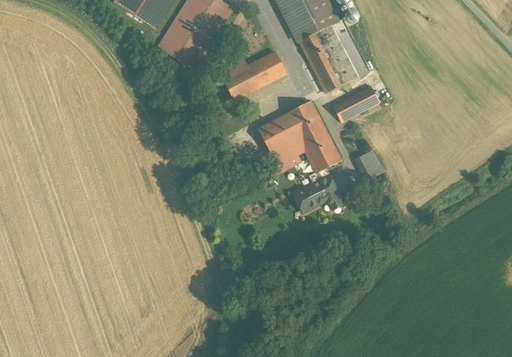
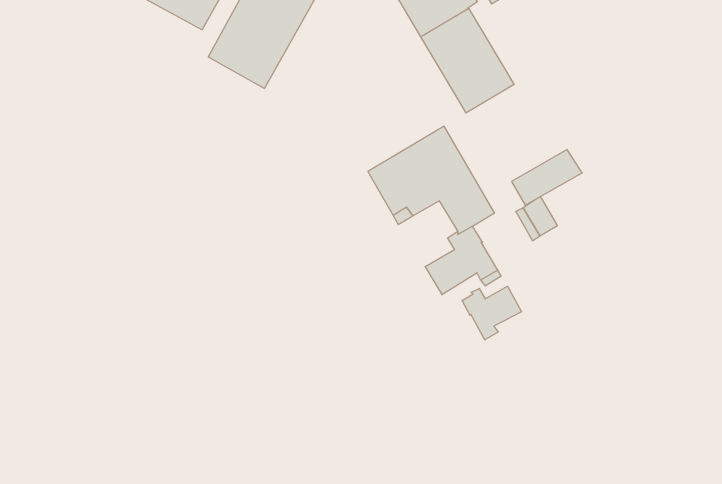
building: [219,51,286,100] -> none
building: [333,86,380,121] -> [512,150,582,205]
building: none -> [462,286,522,340]

